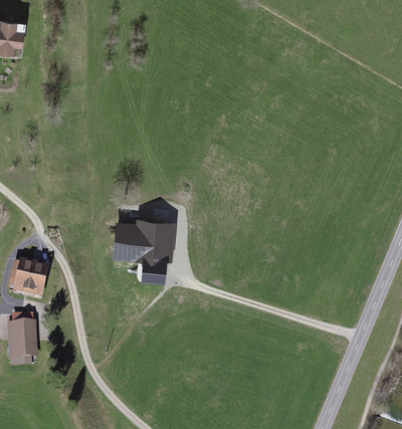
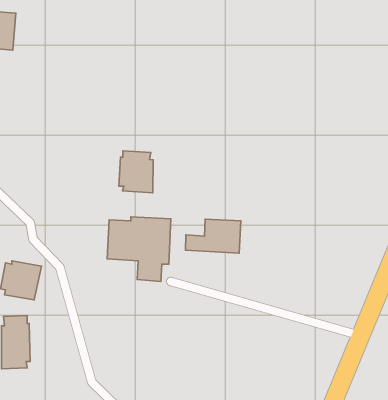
building: none -> [119,151,153,193]
building: none -> [186,219,241,253]

